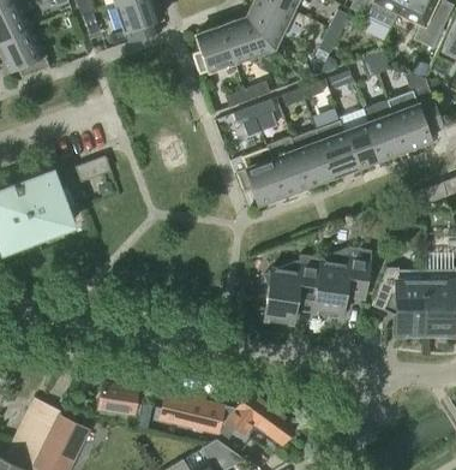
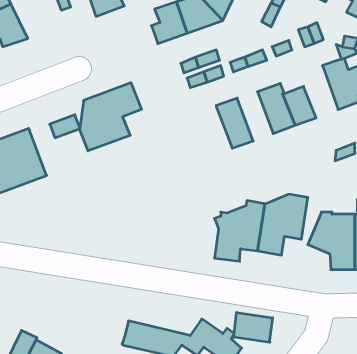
building: [364,100,407,160] -> none
building: none -> [80,83,142,151]
building: [292,130,332,186] -> none
building: [238,148,286,204] -> none
building: none -> [234,312,273,342]
building: [100,383,143,417] -> none

